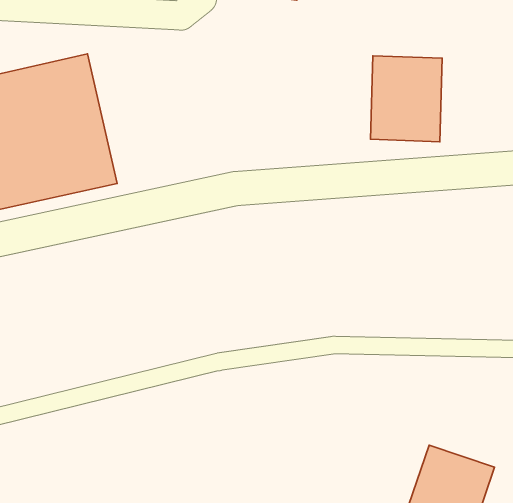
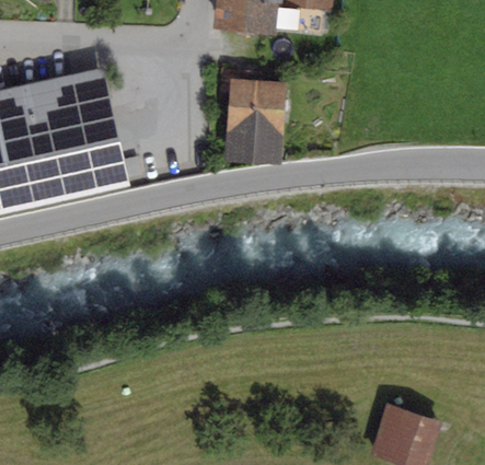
building: [370,56,442,142] -> [224,85,286,159]

